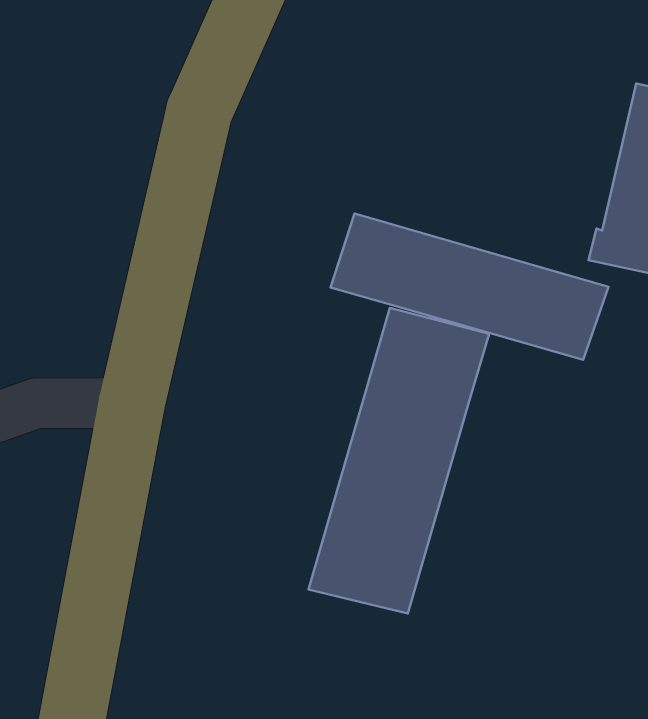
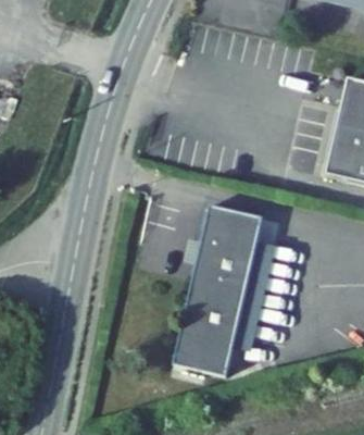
building: [331,213,609,360] -> none

